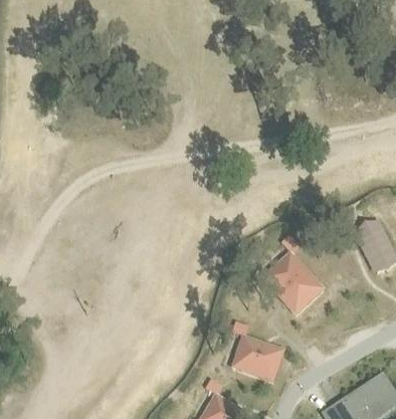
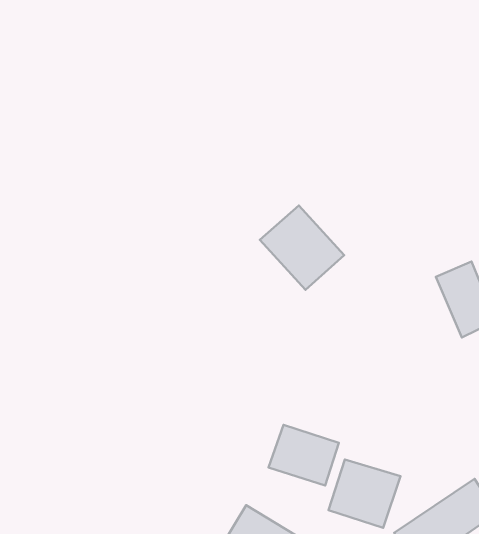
building: [262,252,324,313] -> [260,205,344,290]
building: none -> [329,459,400,528]

